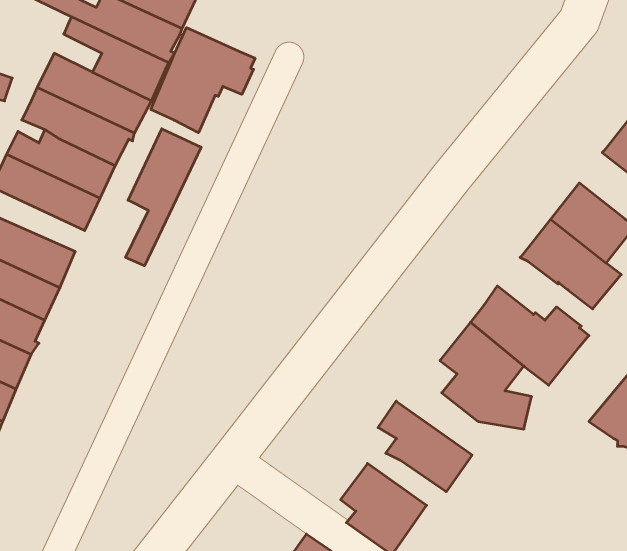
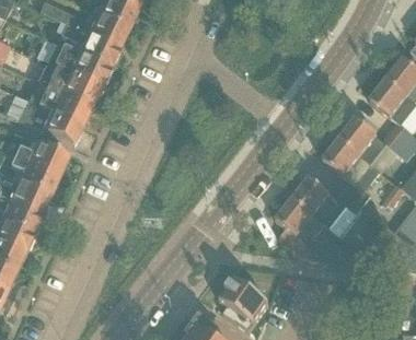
building: [151,28,255,133] -> none
building: [126,129,201,266] -> none
building: [378,401,472,492] -> none

